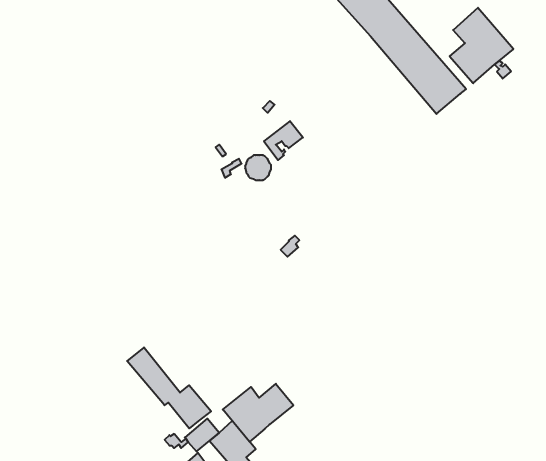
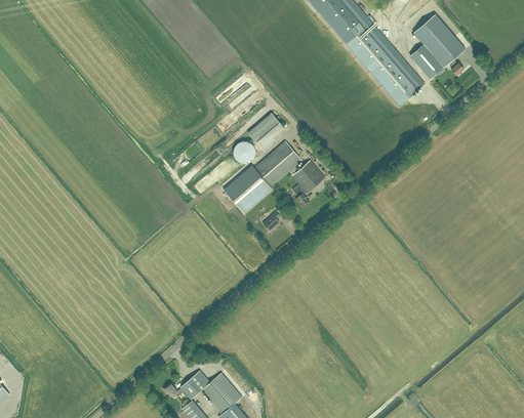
building: none -> [224,140,325,213]
building: [127,347,211,428] -> none
building: [223,384,293,442] -> none

